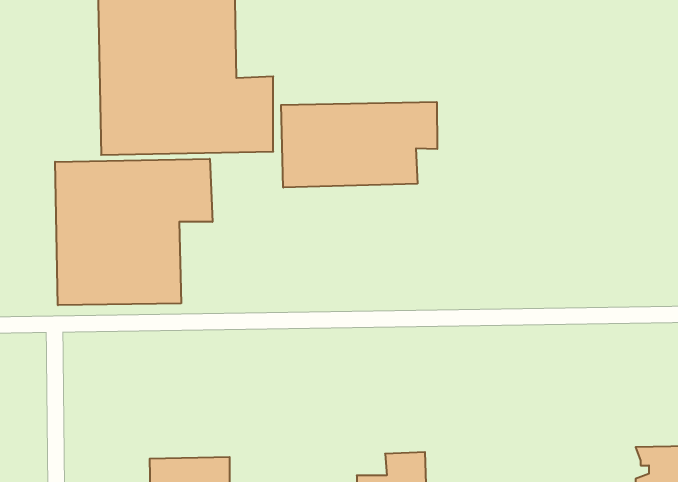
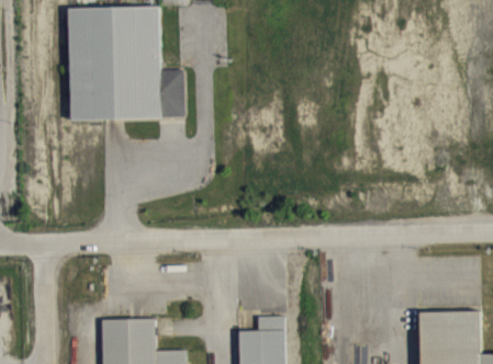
building: [281,102,437,188] -> none
building: [55,159,212,305] -> none

